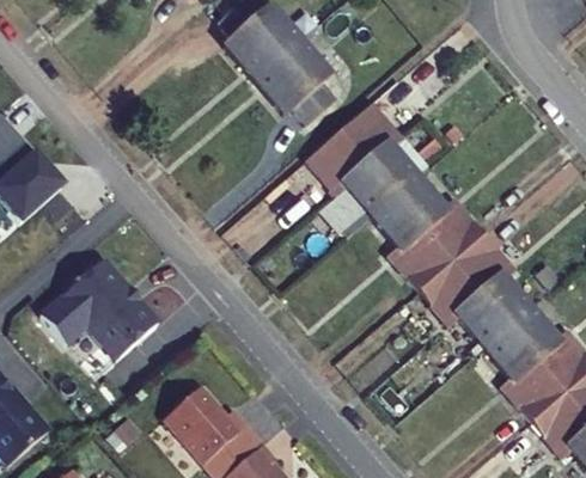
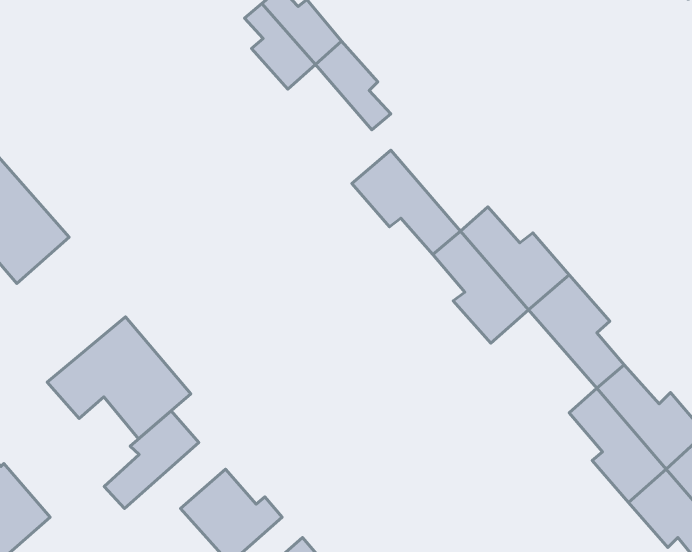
building: [249,55,318,121] -> none
building: [334,97,414,192] -> none
building: [416,257,503,342] -> none
building: none -> [104,411,199,509]

